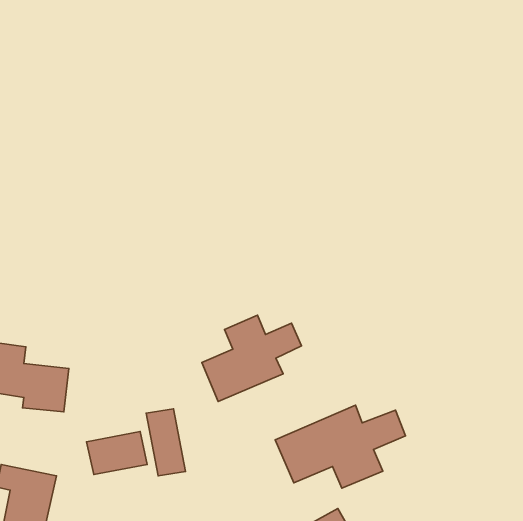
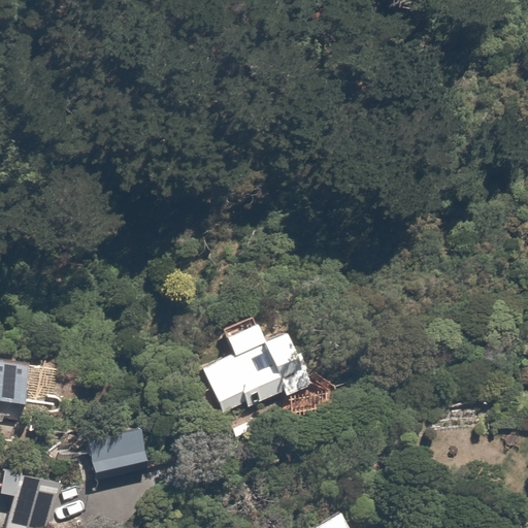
building: [275,405,406,488] -> none
building: [146,409,186,476] -> none

